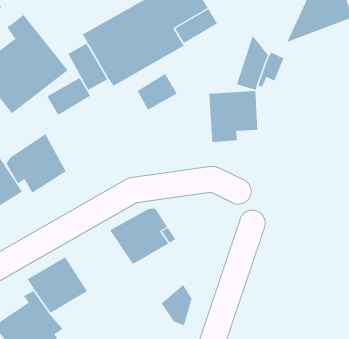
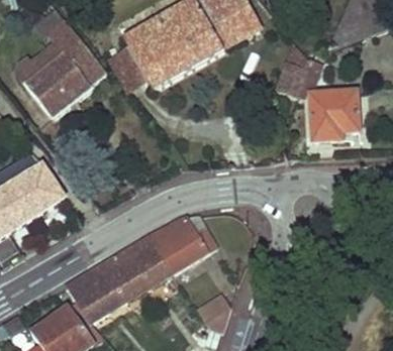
building: [137,73,177,110] -> none
building: [47,77,91,116] -> none
building: [208,91,258,142] -> [310,90,360,141]
building: [6,133,66,194] -> none
building: none -> [106,234,173,295]

